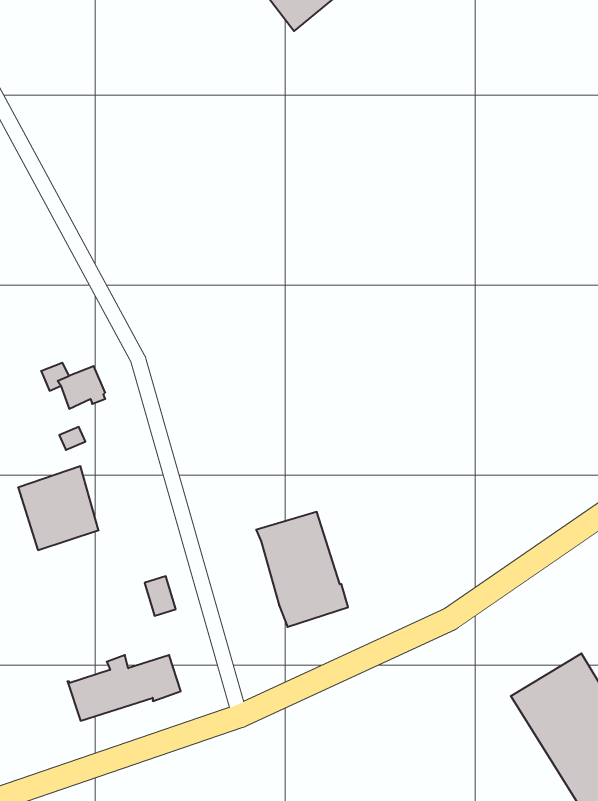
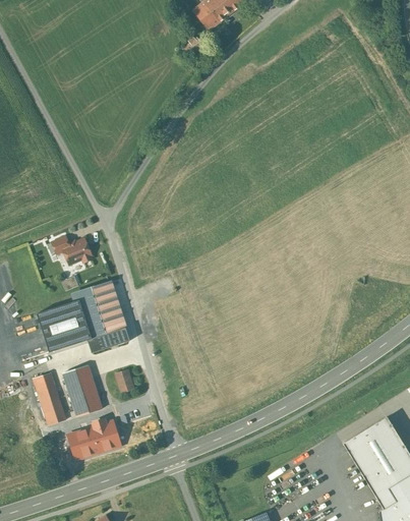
building: [256,512,348,627] -> [73,282,130,353]
building: none -> [63,365,102,415]
building: none -> [34,372,65,424]

